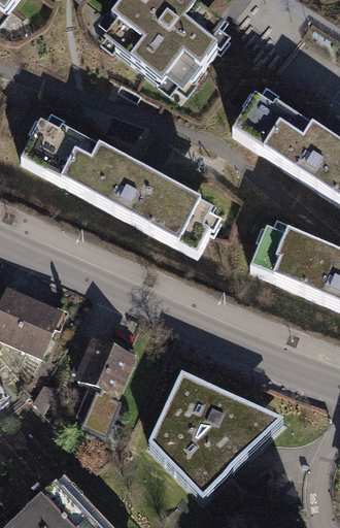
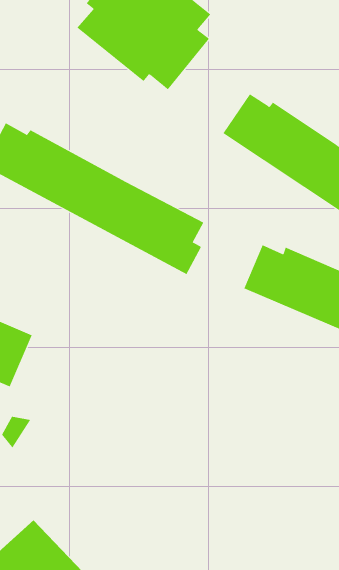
building: [73,335,138,434] -> none
building: [148,372,285,497] -> none

